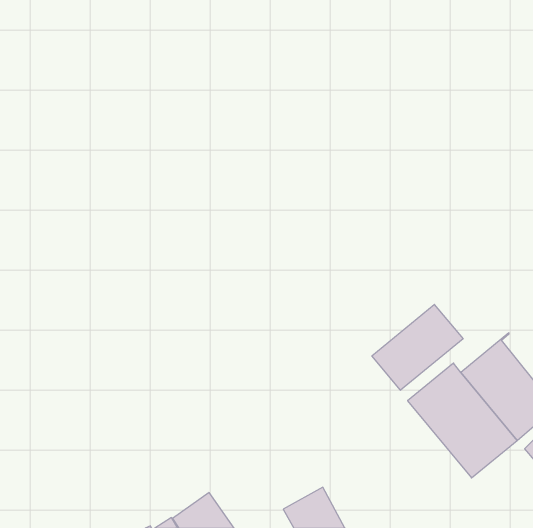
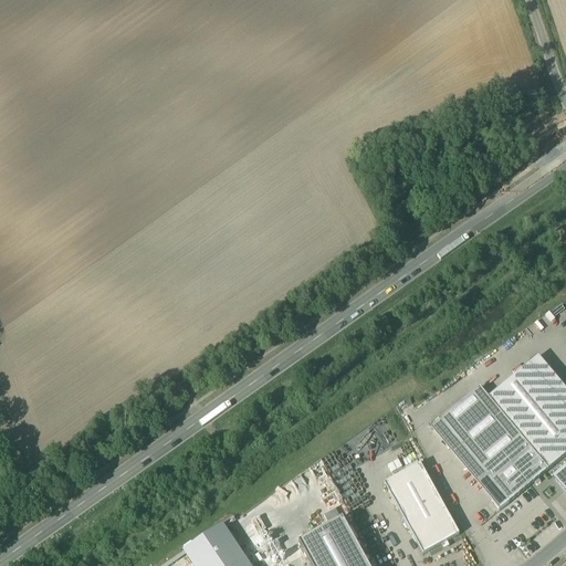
building: [372,304,463,390] -> none
building: none -> [385,461,460,551]

